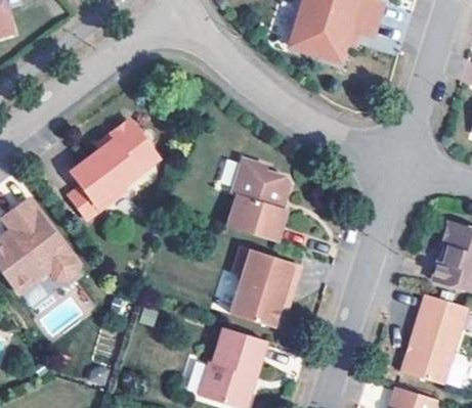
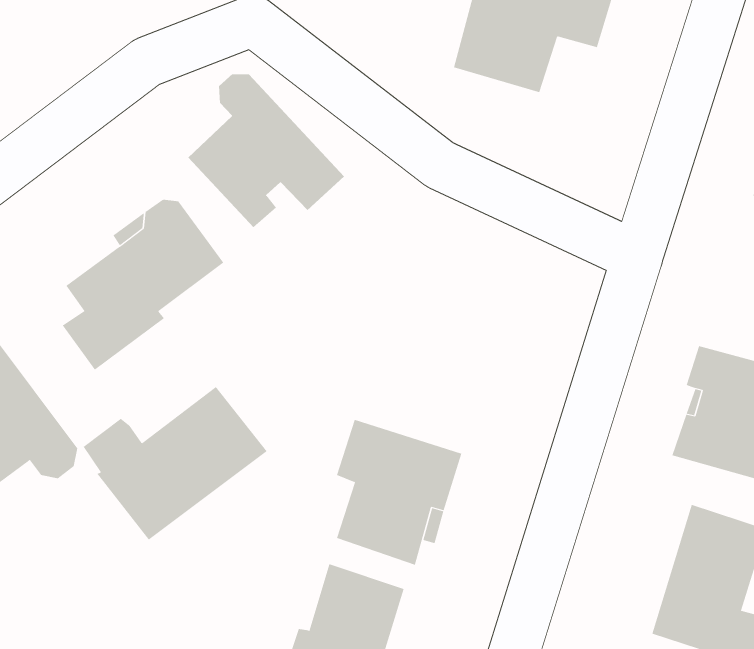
building: none -> [188,73,345,228]
building: [224,164,287,242] -> none
building: none -> [83,386,267,541]

